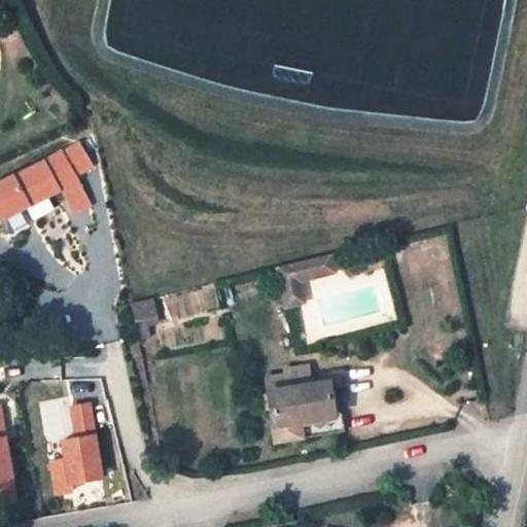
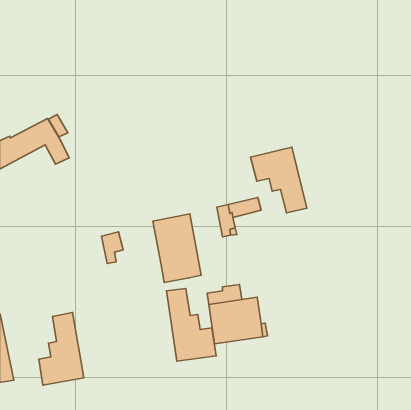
building: none -> [250,147,307,213]
building: none -> [153,214,201,282]
building: none -> [166,289,216,361]

